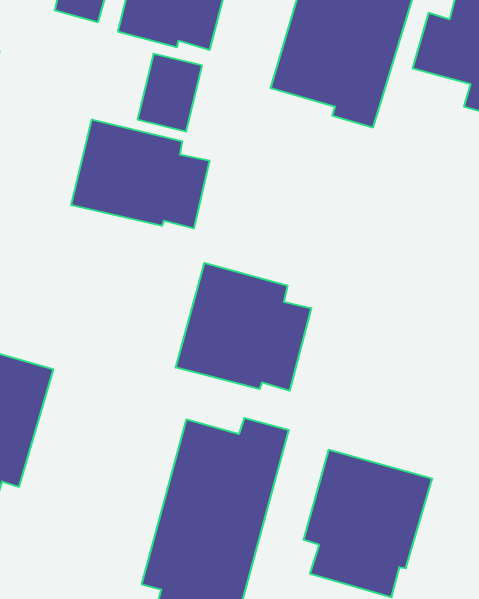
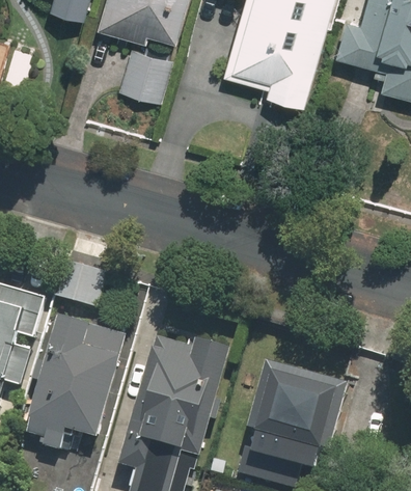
building: [71,119,209,228] -> none
building: [176,263,311,391] -> none
building: none -> [25,317,121,449]

